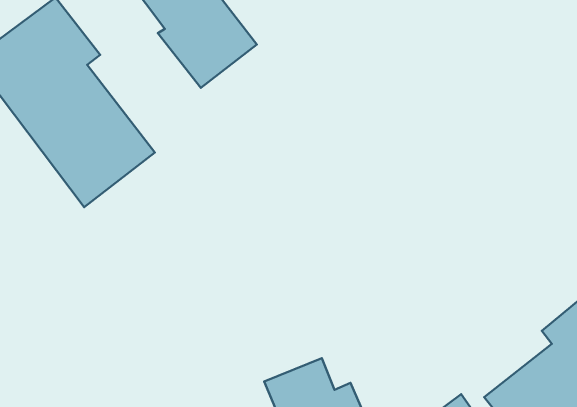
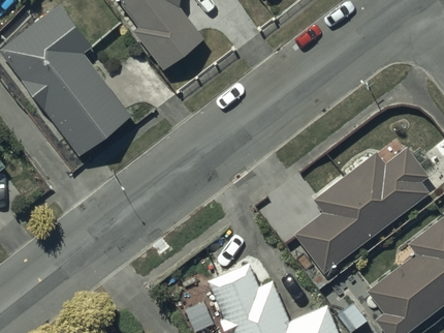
building: none -> [293,140,429,274]

